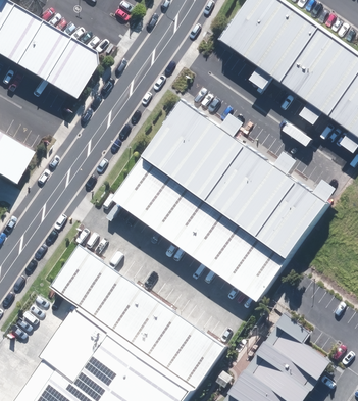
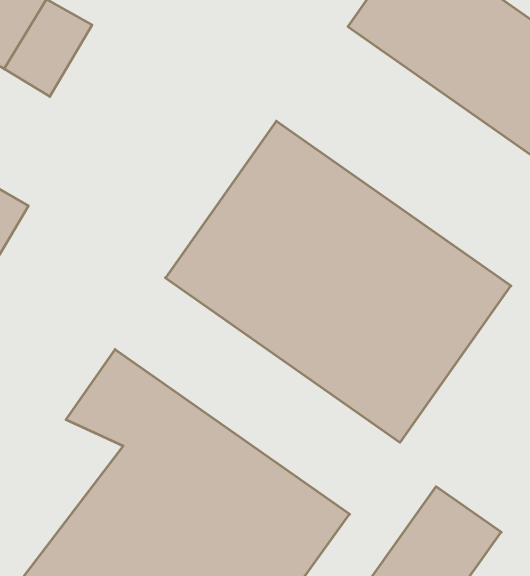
building: [39,40,94,101] -> none

